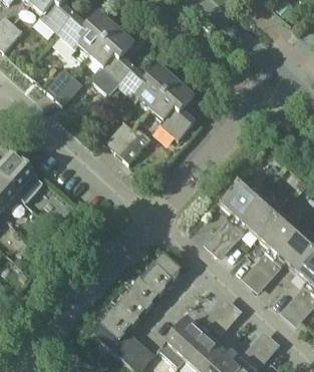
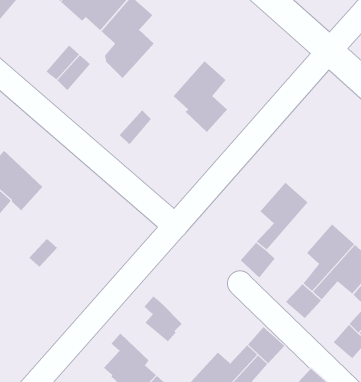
building: [117,63,176,108] -> none
building: [114,124,150,161] -> none
building: [227,196,280,242] -> none
building: [138,253,181,295] -> none
building: [111,287,144,326] -> none

